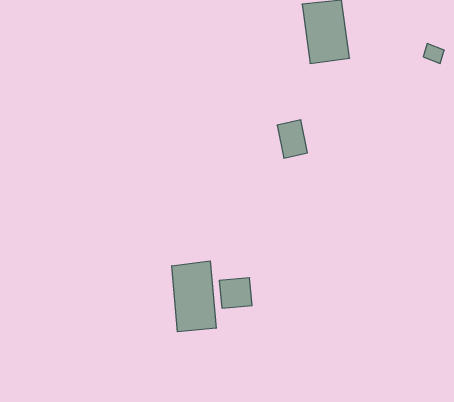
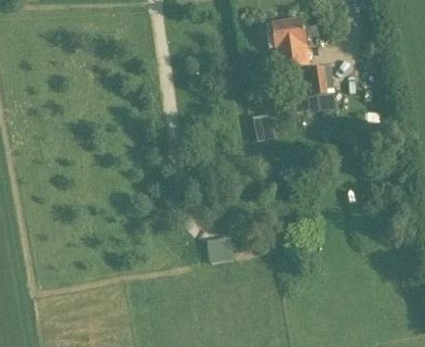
building: none -> [308,65,334,106]
building: [172,261,216,332] -> none

